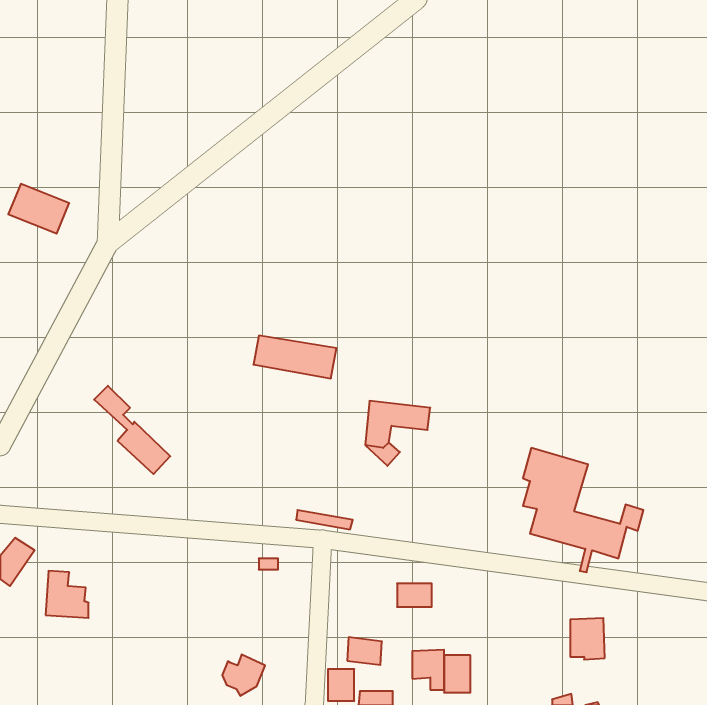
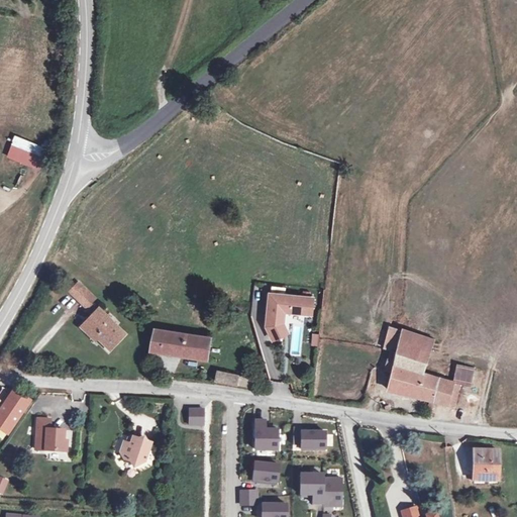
building: [253,336,336,378] -> [150,328,211,359]
building: none -> [253,421,277,450]
building: [570,618,605,660] -> [474,448,499,479]
building: [222,654,265,696] -> [120,435,151,466]

